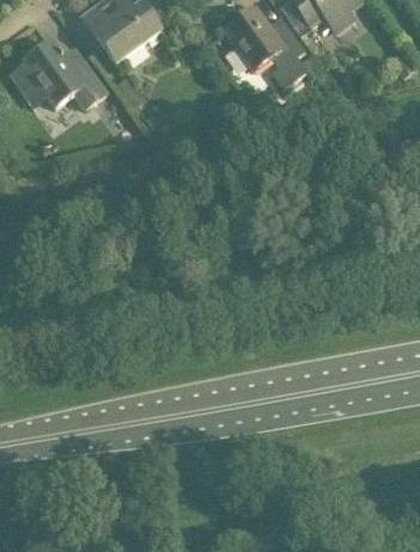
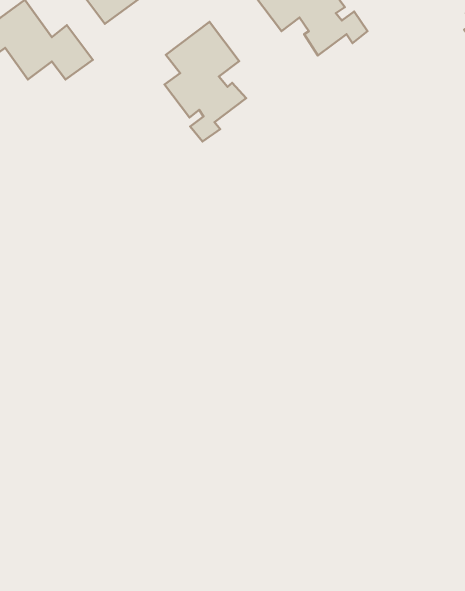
building: none -> [164,22,246,142]

